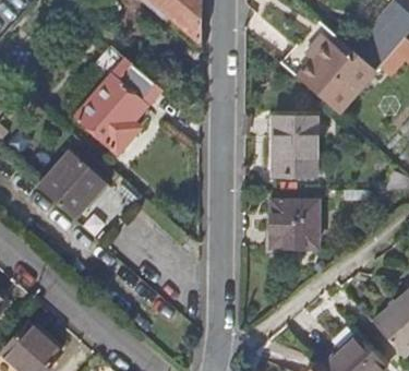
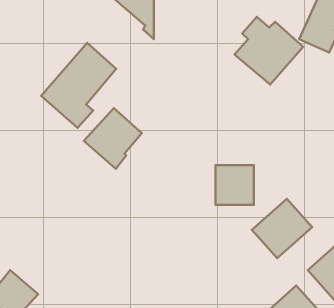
building: [267,116,310,173] -> none
building: [50,158,116,227] -> [84,108,142,169]
building: none -> [252,199,312,258]

